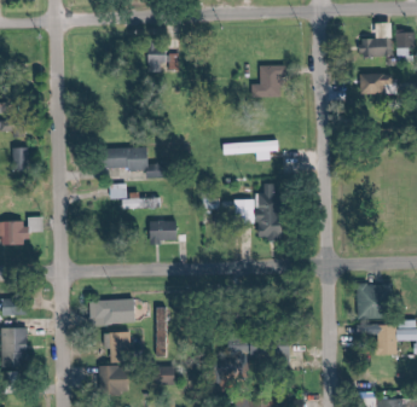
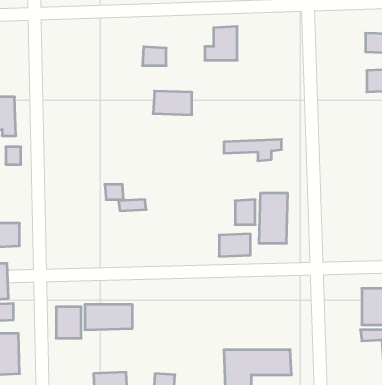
building: [250,64,282,97] -> [205,26,237,60]
building: [110,146,147,169] -> [153,91,192,115]
building: [147,220,178,242] -> [219,234,250,256]
building: [155,307,176,351] -> none
building: [105,332,129,362] -> [56,307,81,338]

